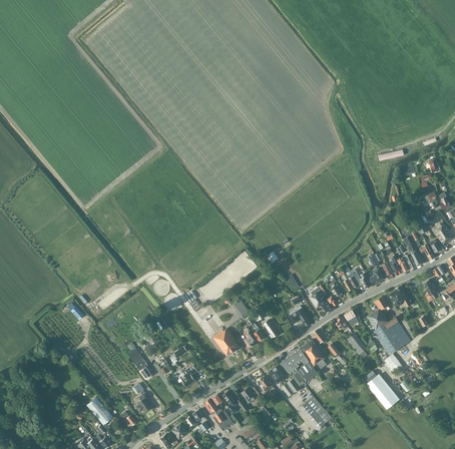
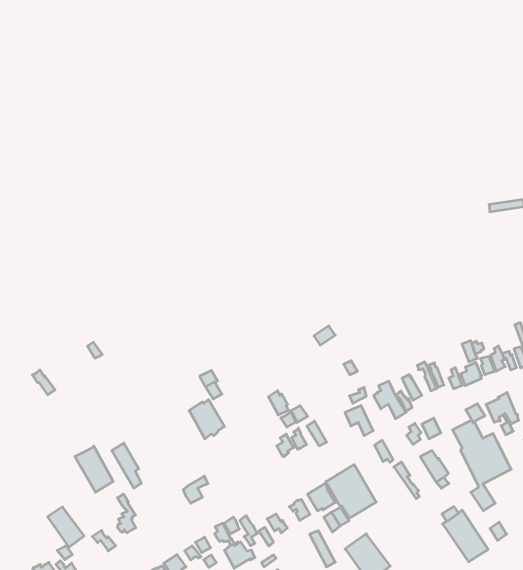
building: [213,328,240,356] -> [189,400,224,439]
building: [302,340,327,368] -> none
building: none -> [75,446,113,492]

